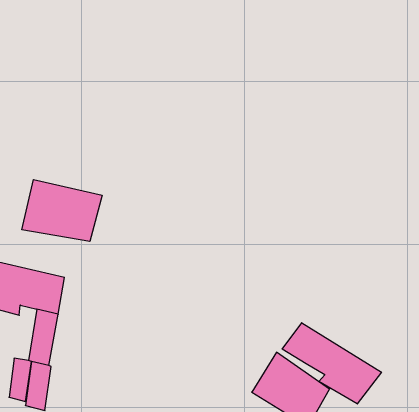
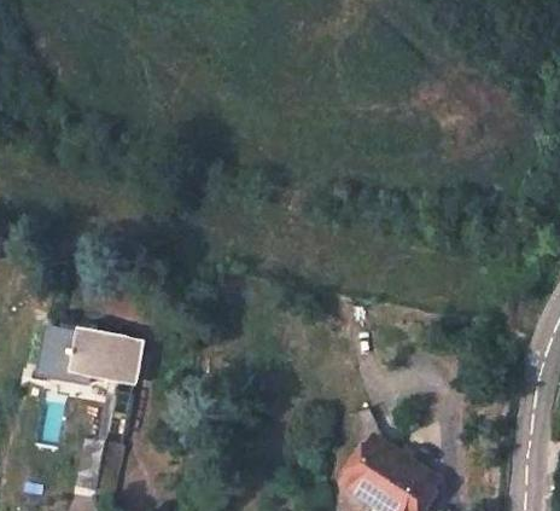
building: [22,180,102,241] -> none
building: [282,323,381,404] -> none

